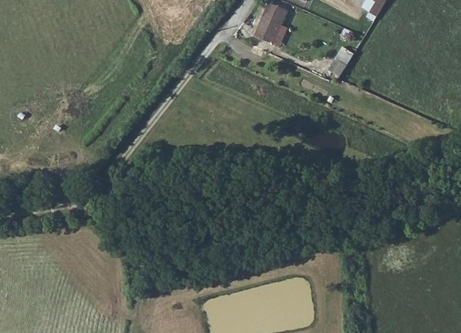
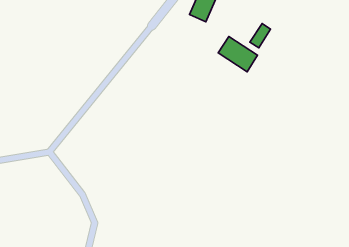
building: none -> [218,36,258,72]

